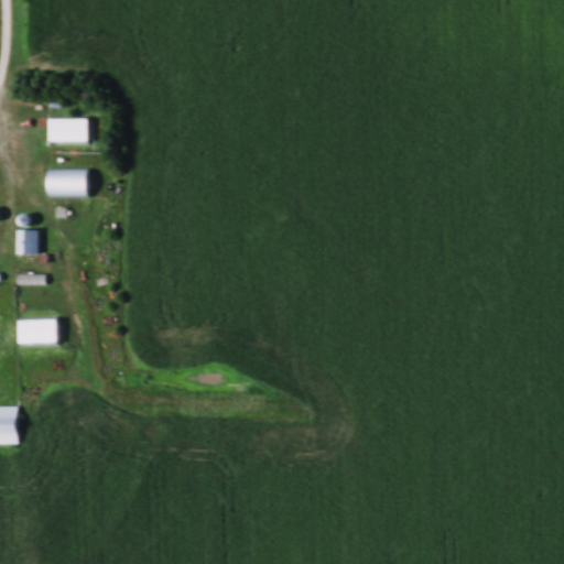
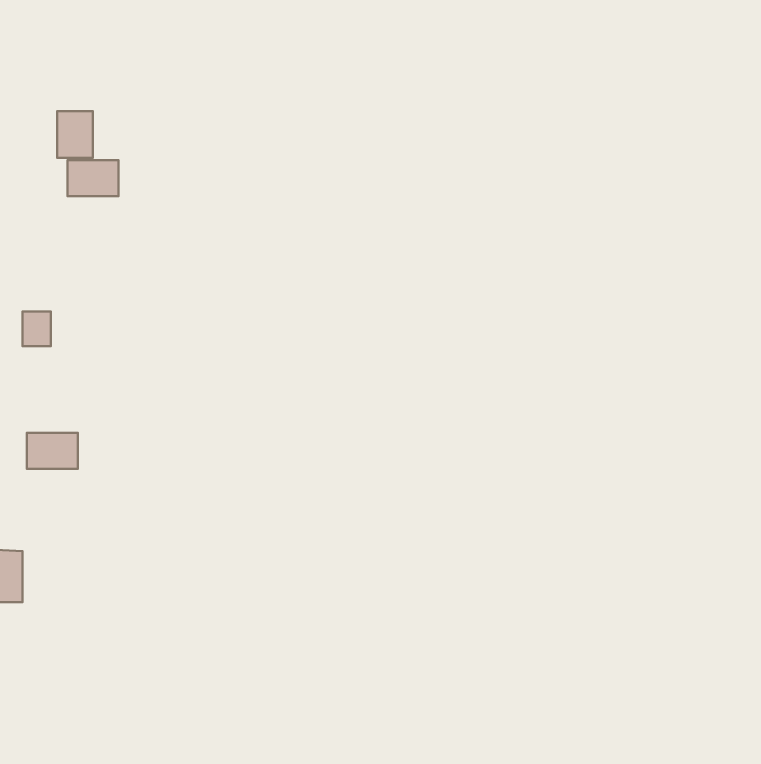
building: none -> [57,111,93,158]
building: [47,167,87,196] -> none

